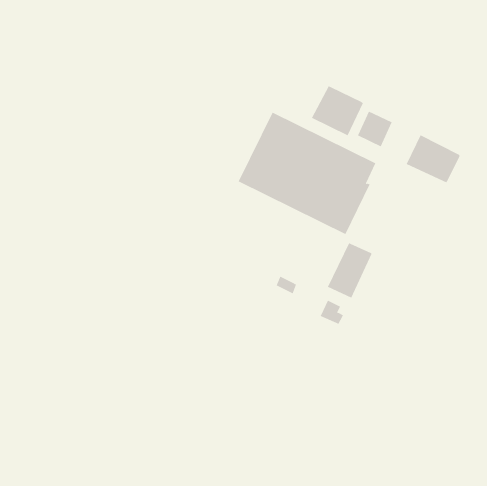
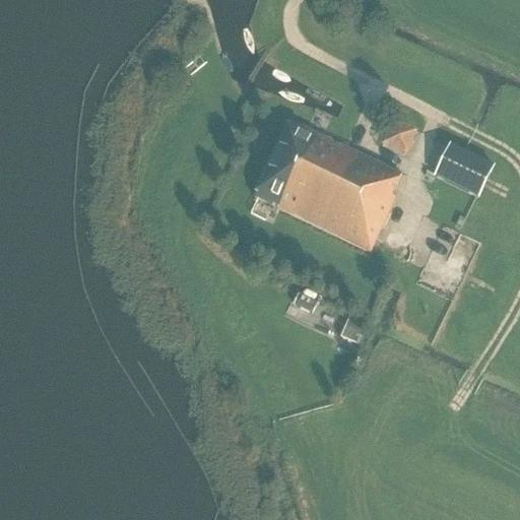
building: [311,85,363,136] -> none
building: [327,242,372,299] -> none

